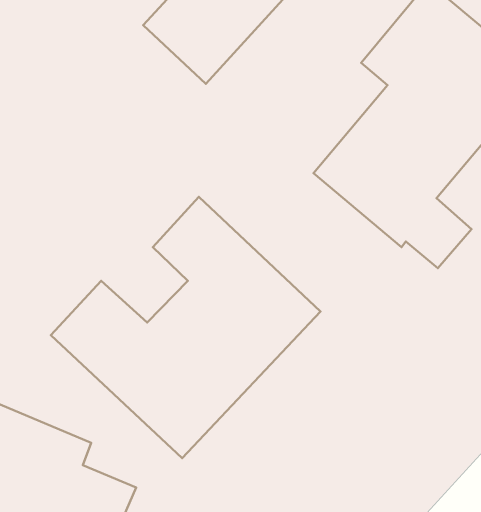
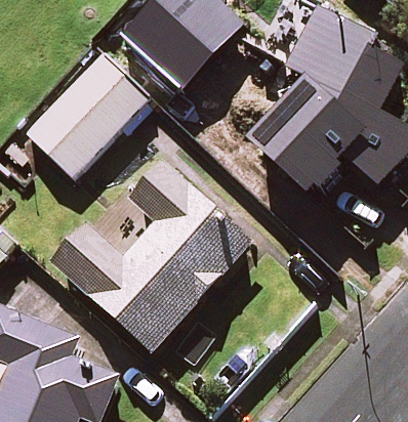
building: none -> [28,53,148,176]

